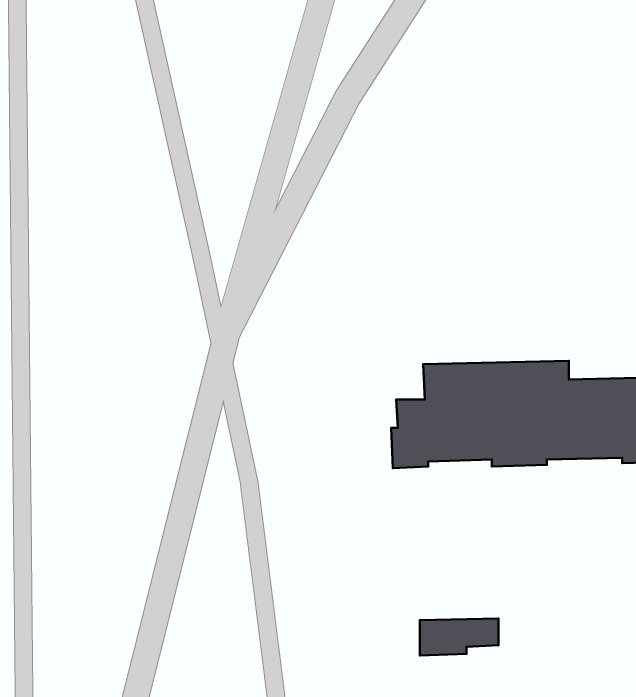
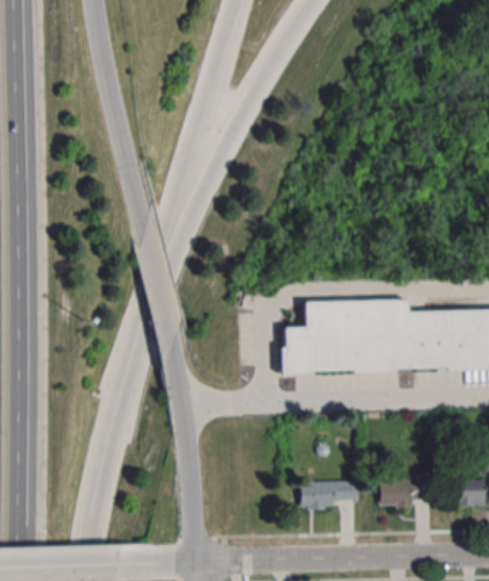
building: none -> [379,480,433,506]

